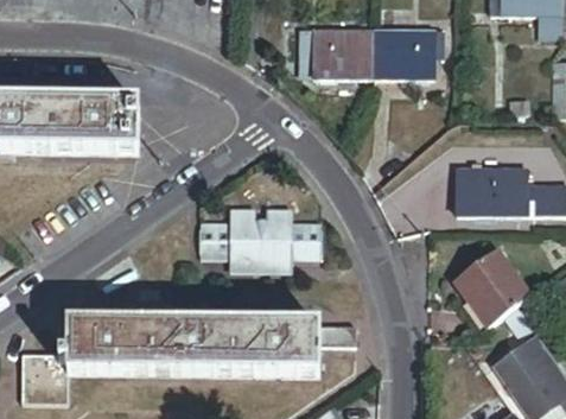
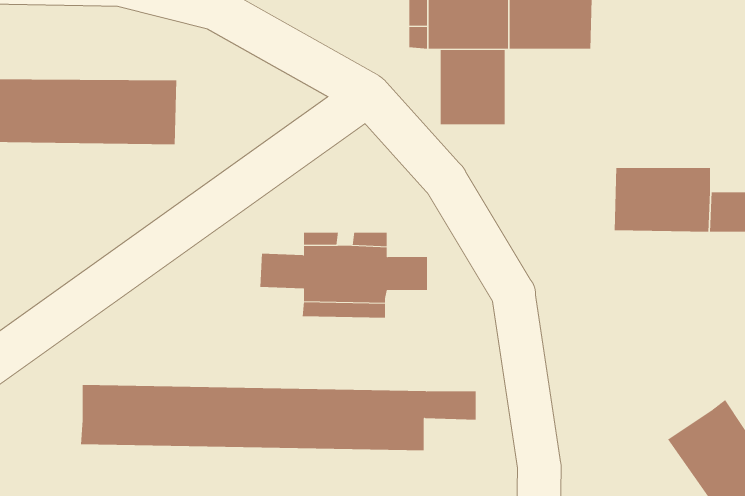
building: none -> [440,49,505,125]
building: [452,252,530,330] -> none
building: [18,349,65,398] -> none

